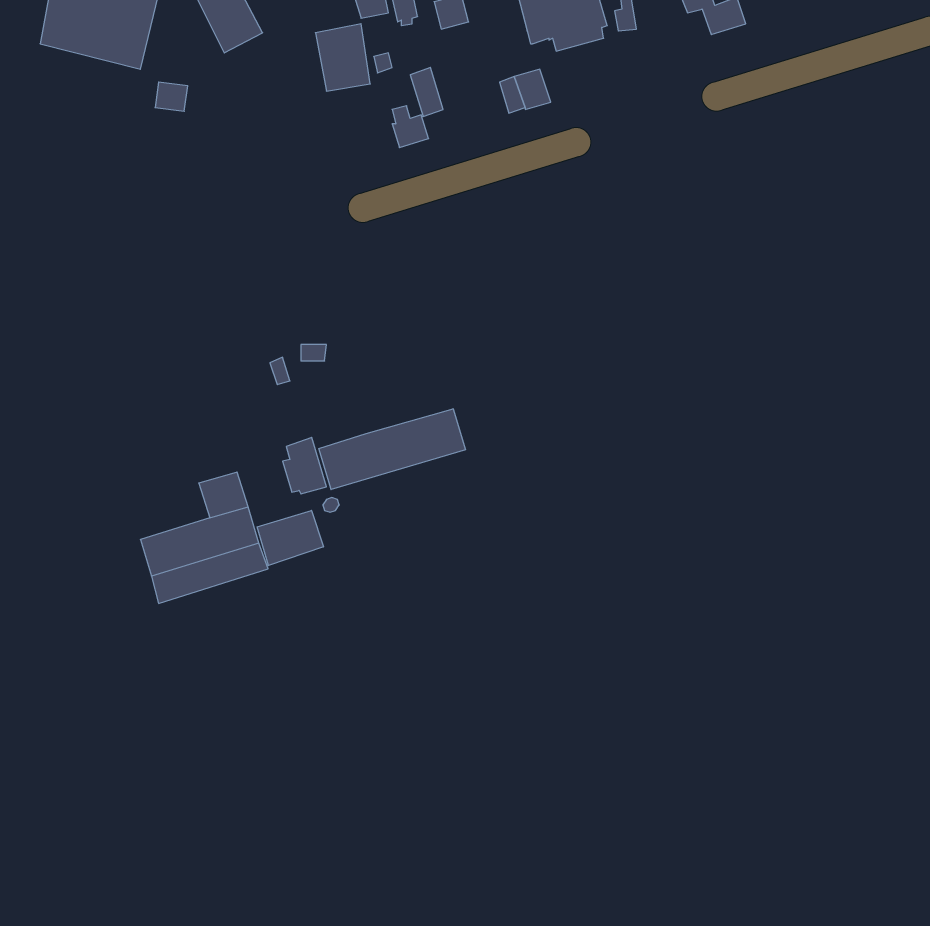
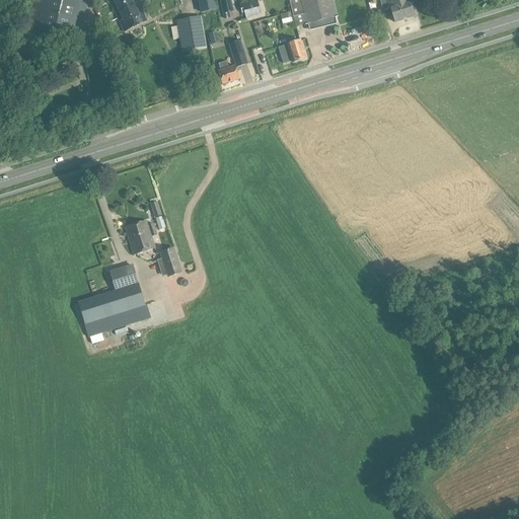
building: none -> [125,218,155,252]
building: [319,409,466,490] -> none
building: [257,510,323,566] -> none

